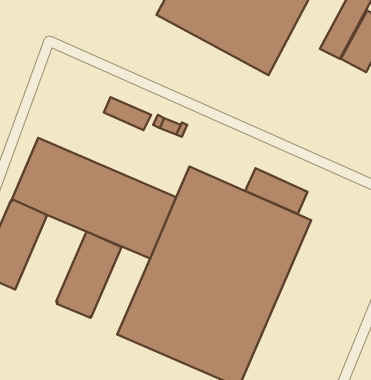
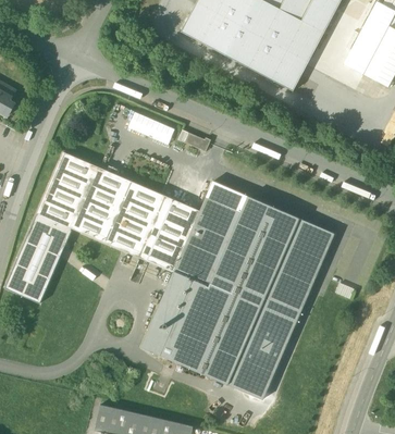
building: [245,168,307,214] -> none
building: [56,232,122,318] -> none

